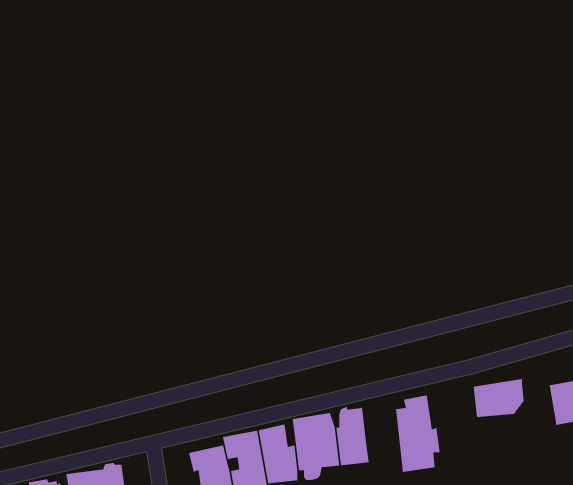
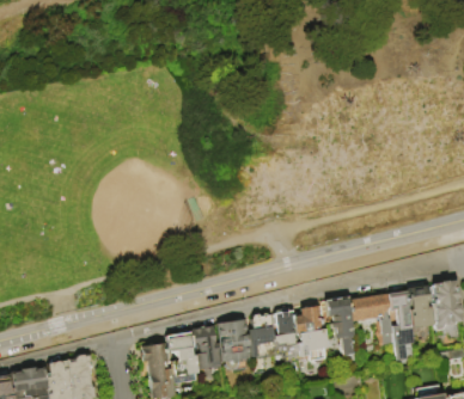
building: none -> [381,293,414,361]
building: none -> [324,295,354,355]
building: none -> [271,309,298,362]

